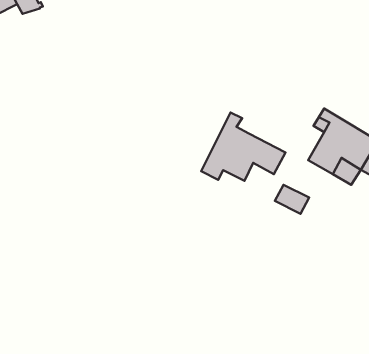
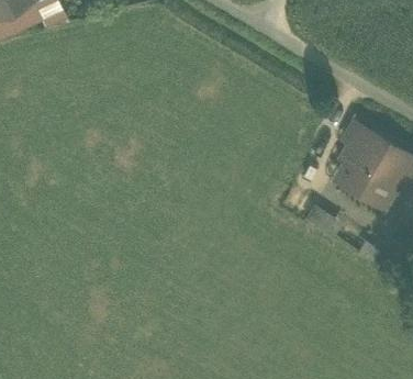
building: [201,112,286,181] -> none

